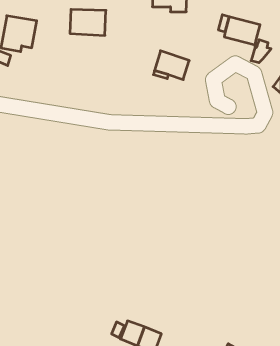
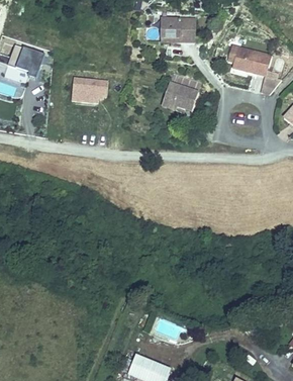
building: [70,9,106,35] -> [71,77,107,103]

